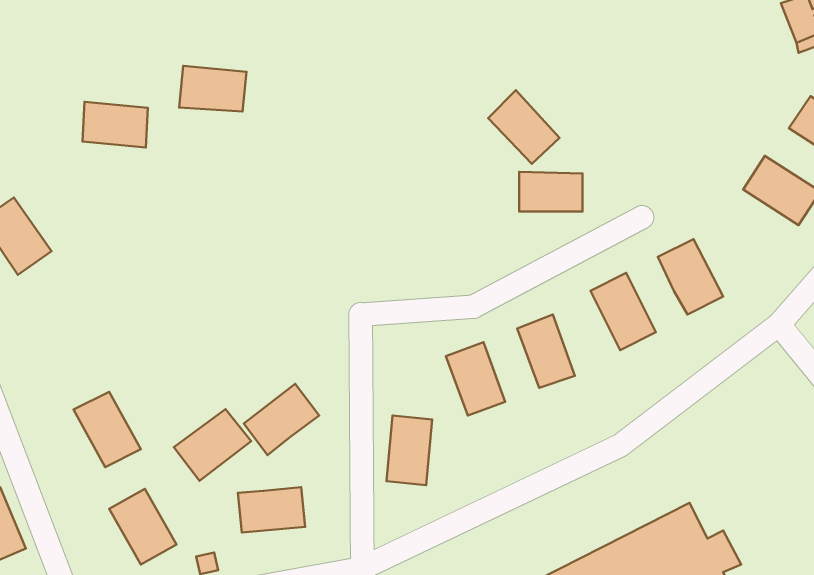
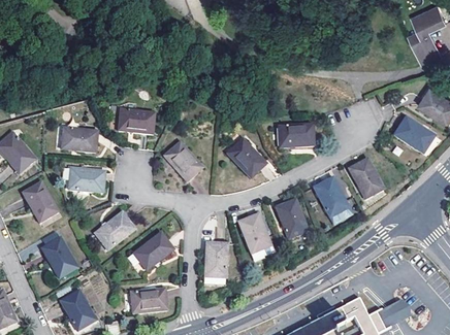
building: [179,66,247,111] -> [122,101,157,125]
building: [488,90,559,164] -> [229,136,266,174]
building: [82,102,148,148] -> [62,129,96,153]
building: none -> [164,143,202,183]
building: none -> [69,168,103,192]
building: none -> [23,183,57,223]
building: [174,409,251,481] -> [95,211,135,248]

